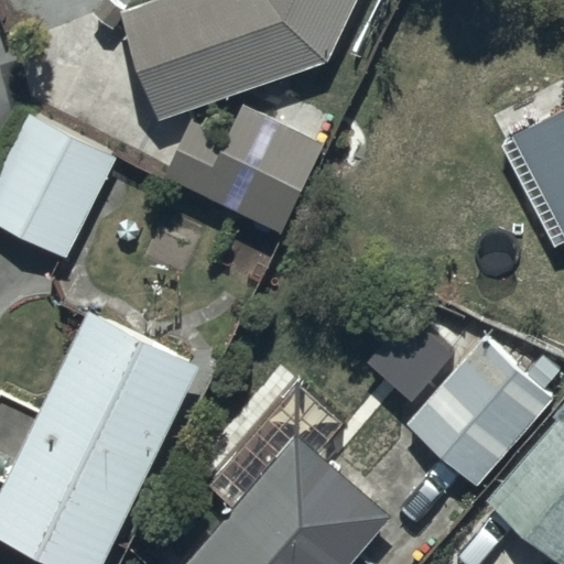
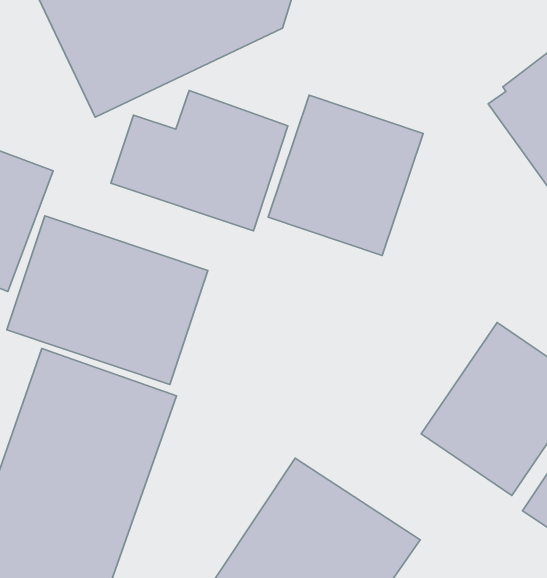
building: none -> [268,95,423,255]
building: none -> [7,216,208,385]

